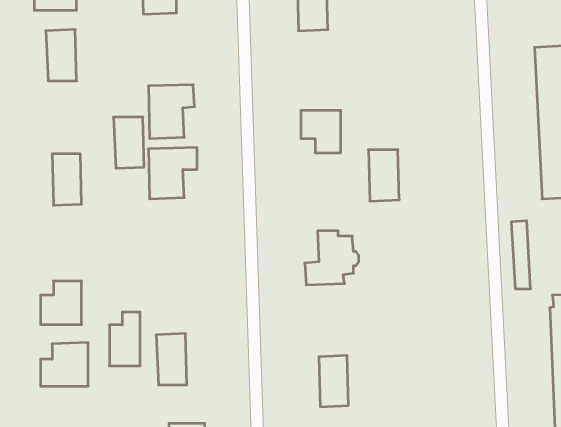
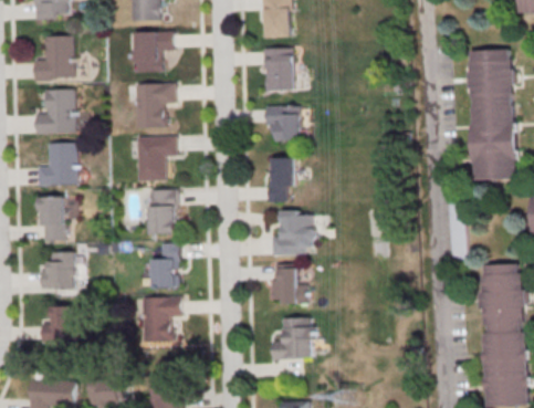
building: none -> [133,32,172,73]
building: none -> [265,48,292,93]
building: [113,117,144,168] -> [49,88,75,133]
building: [368,150,399,201] -> [268,156,294,200]
building: none -> [148,190,174,236]
building: none -> [40,197,65,241]
building: none -> [270,268,306,304]
building: [109,312,140,366] -> [151,242,178,289]

